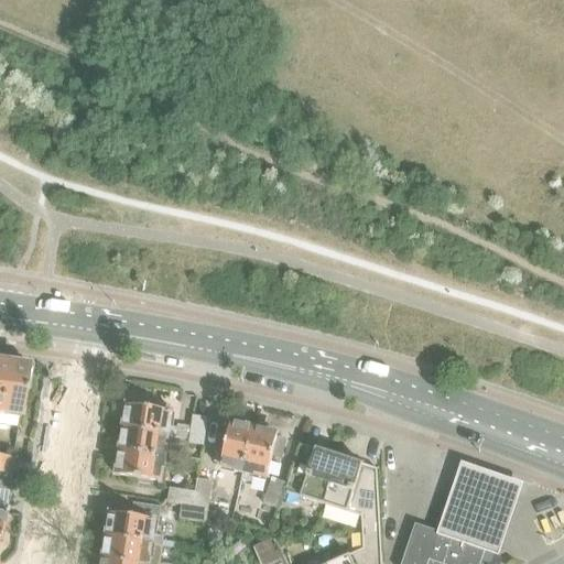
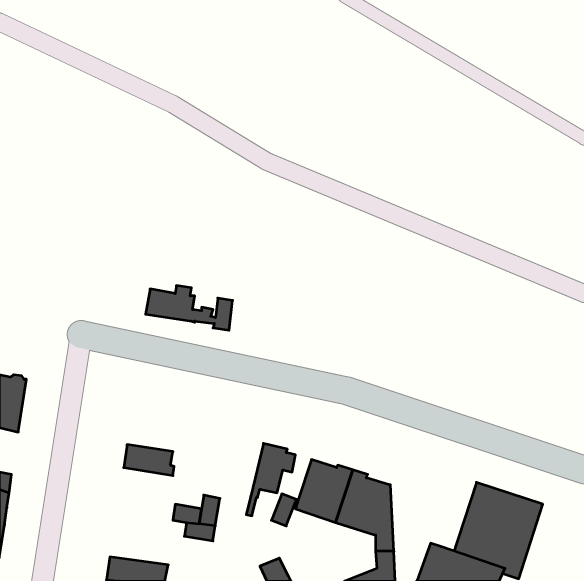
building: [122,400,206,443] -> [146,286,233,330]
building: [212,421,253,477] -> none
building: [116,449,176,484] -> none
building: [106,511,176,545] -> none

